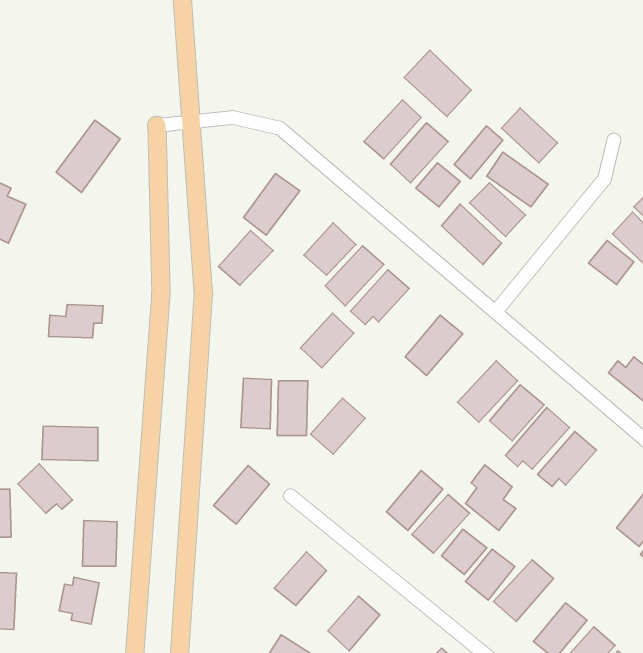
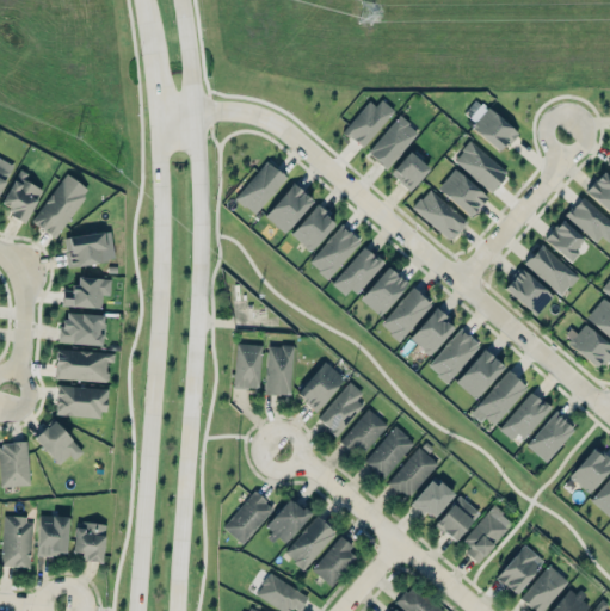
building: [404,50,471,116] -> none
building: [56,120,120,192] -> [33,174,91,239]
building: [454,126,503,179] -> none
building: [218,230,273,285] -> [266,184,315,233]
building: none -> [66,232,116,267]
building: none -> [526,245,579,296]
building: none -> [505,270,554,316]
building: [300,313,354,368] -> [362,267,409,316]
building: none -> [411,309,457,356]
building: none -> [62,314,106,345]
building: none -> [55,350,115,382]
building: none -> [319,382,365,436]
building: none -> [341,408,389,458]
building: none -> [528,412,577,462]
building: [466,465,516,531] -> none
building: [213,465,270,524] -> [224,492,275,544]
building: [82,521,117,566] -> [38,516,69,556]
building: none -> [285,516,337,570]

